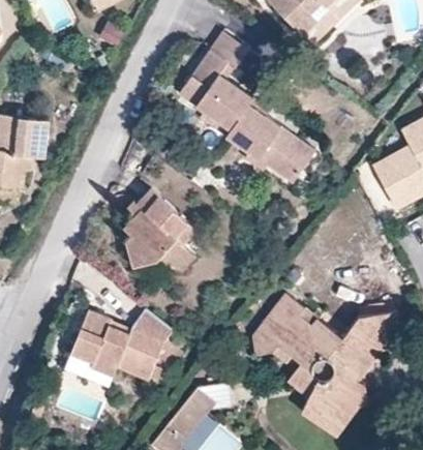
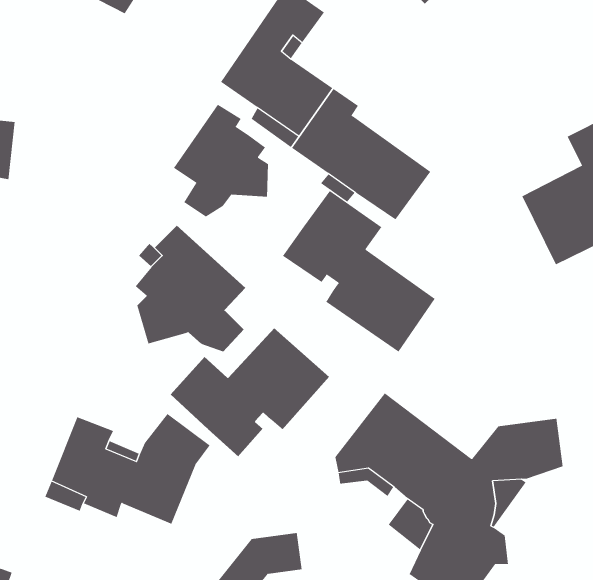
building: none -> [173,104,269,218]
building: none -> [282,190,435,353]
building: none -> [170,327,330,457]

